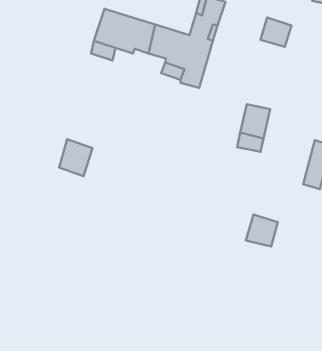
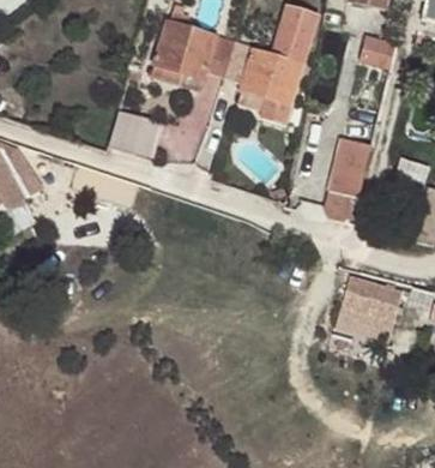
building: [59,139,92,176] -> [108,109,149,155]

